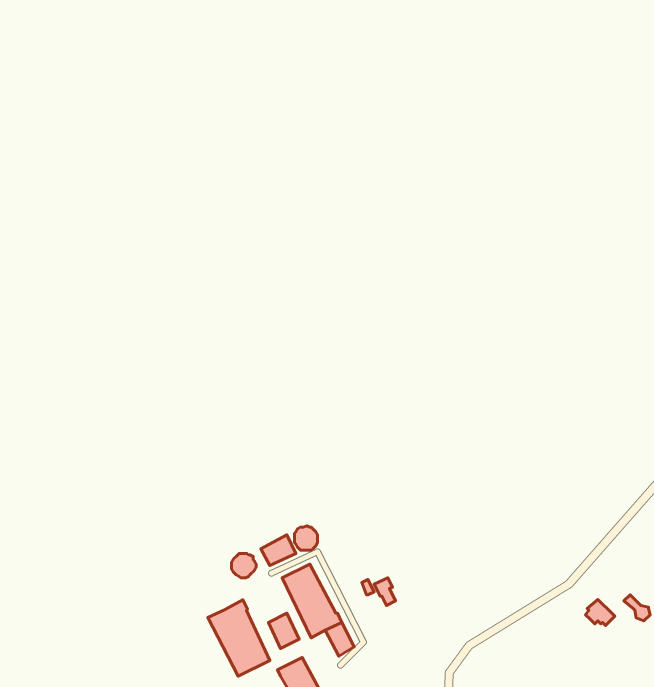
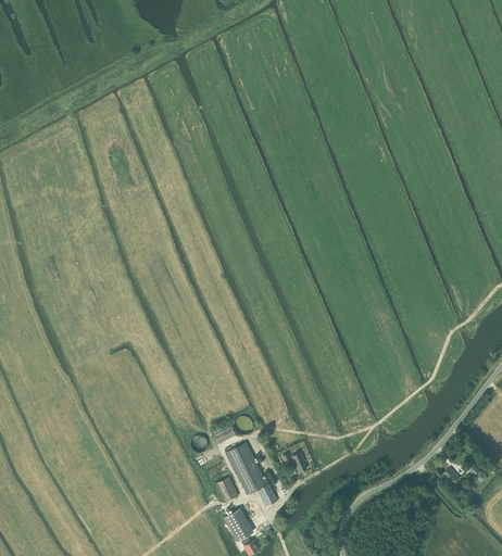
building: [208,600,270,676] -> none

